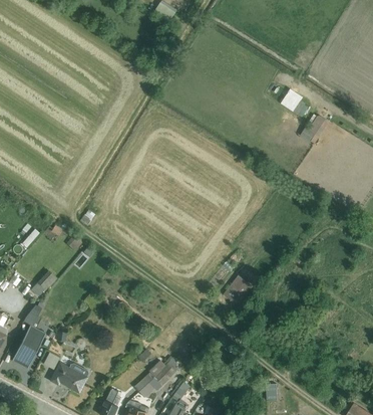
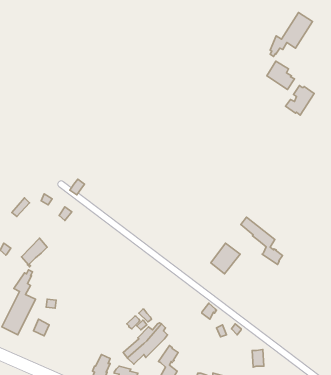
building: none -> [270,12,313,56]
building: none -> [241,217,283,264]
building: [49,362,88,393] -> none

